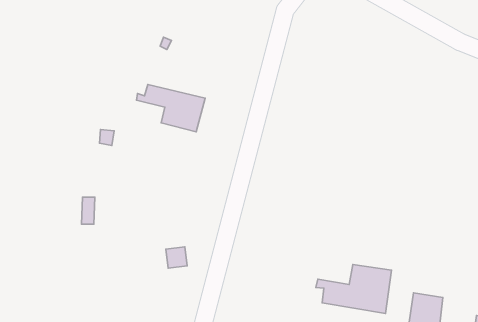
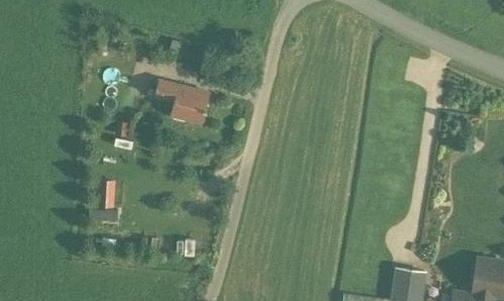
building: [316,265,392,314] -> none

